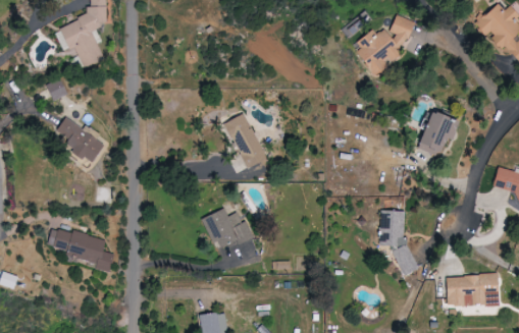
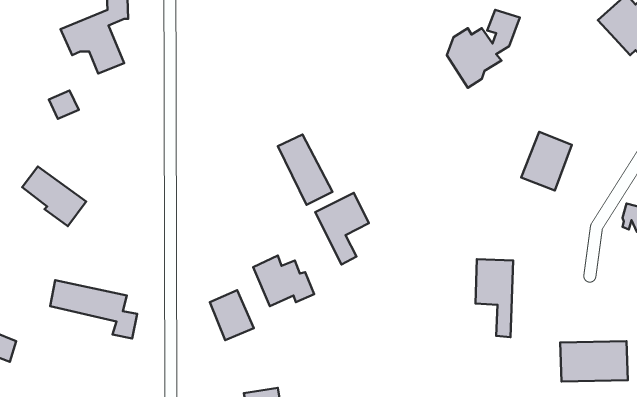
building: [54,117,104,164] -> [22,166,86,226]
building: none -> [315,193,369,264]
building: none -> [210,290,254,340]

